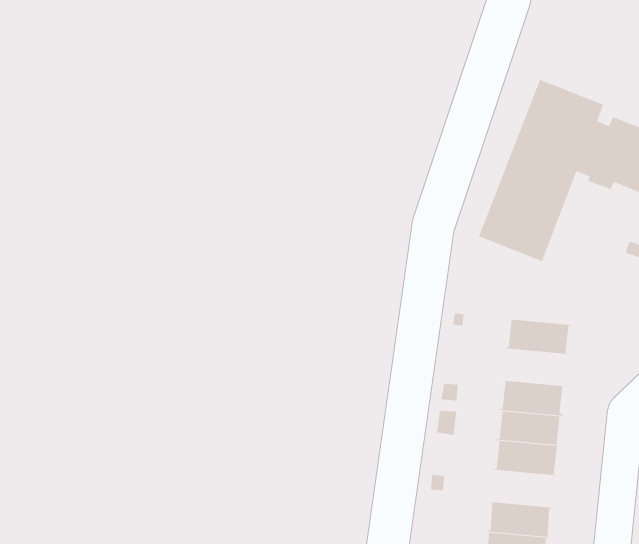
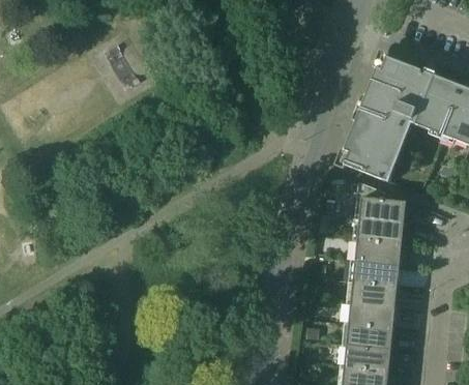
building: none -> [357,183,407,225]
building: none -> [356,241,403,267]
building: none -> [347,325,394,351]

